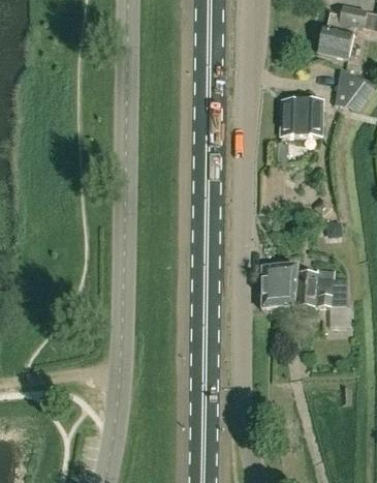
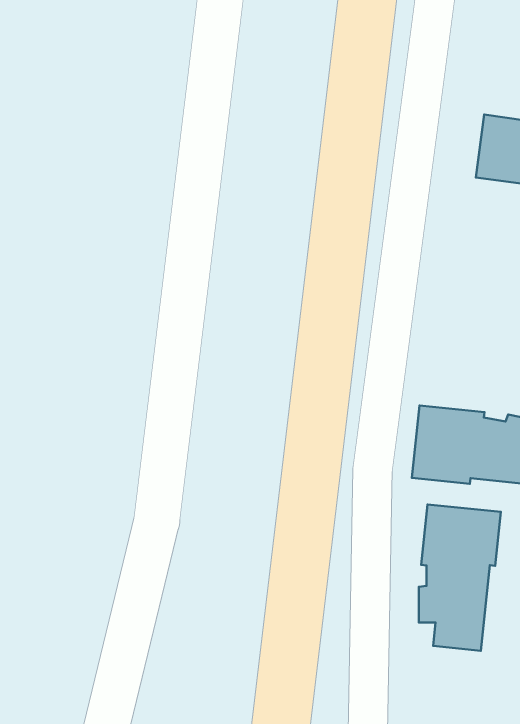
building: none -> [419,504,501,651]

